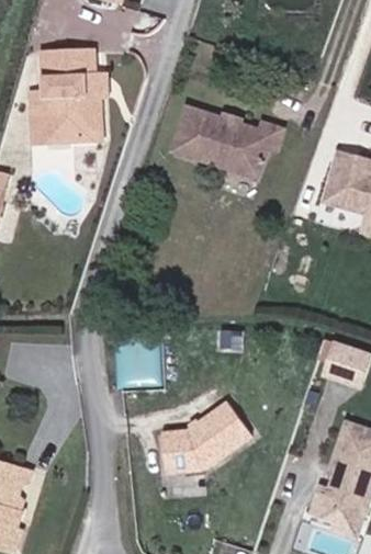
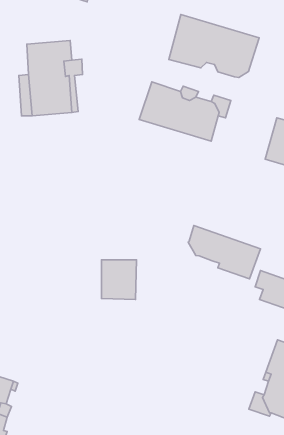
building: none -> [169,15,259,77]
building: none -> [188,226,260,279]
building: [159,398,249,468] -> none

